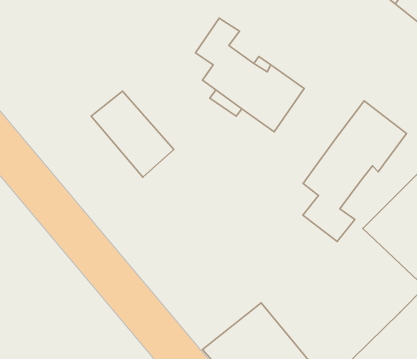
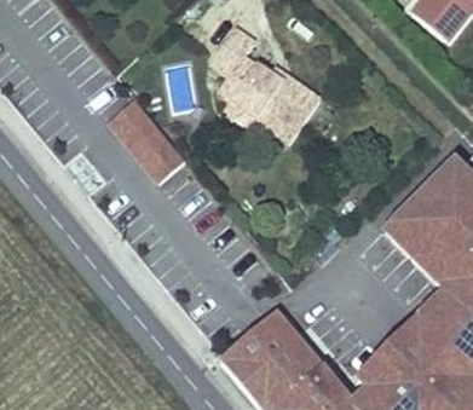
building: [303,101,407,241] -> none

